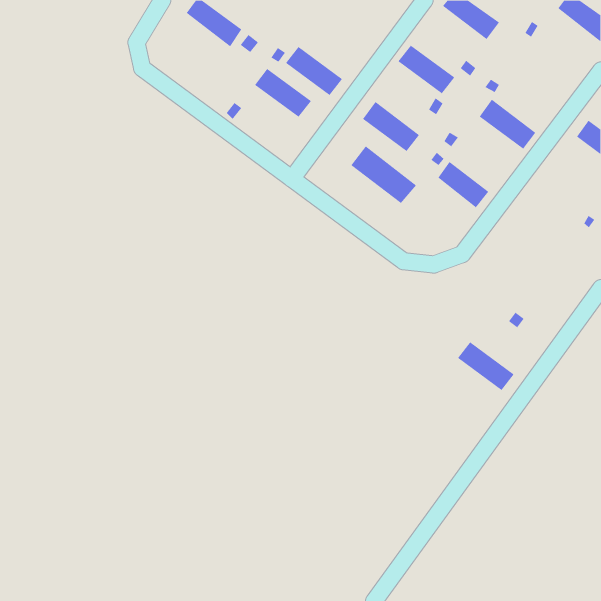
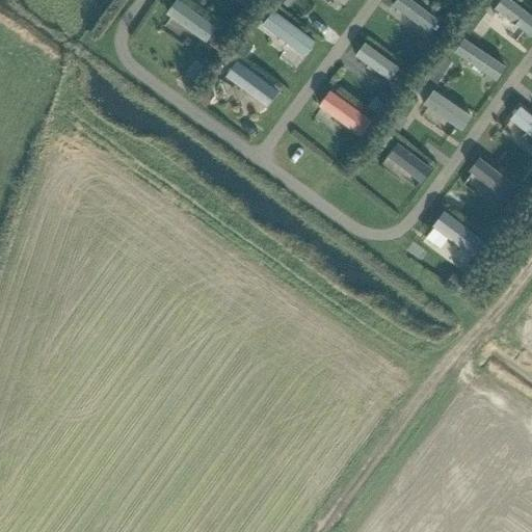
building: none -> [454,38,505,83]
building: [285,46,343,96] -> [262,9,313,53]
building: [351,145,417,204] -> none
building: none -> [468,157,517,201]
building: [457,341,515,391] -> [433,213,484,257]

